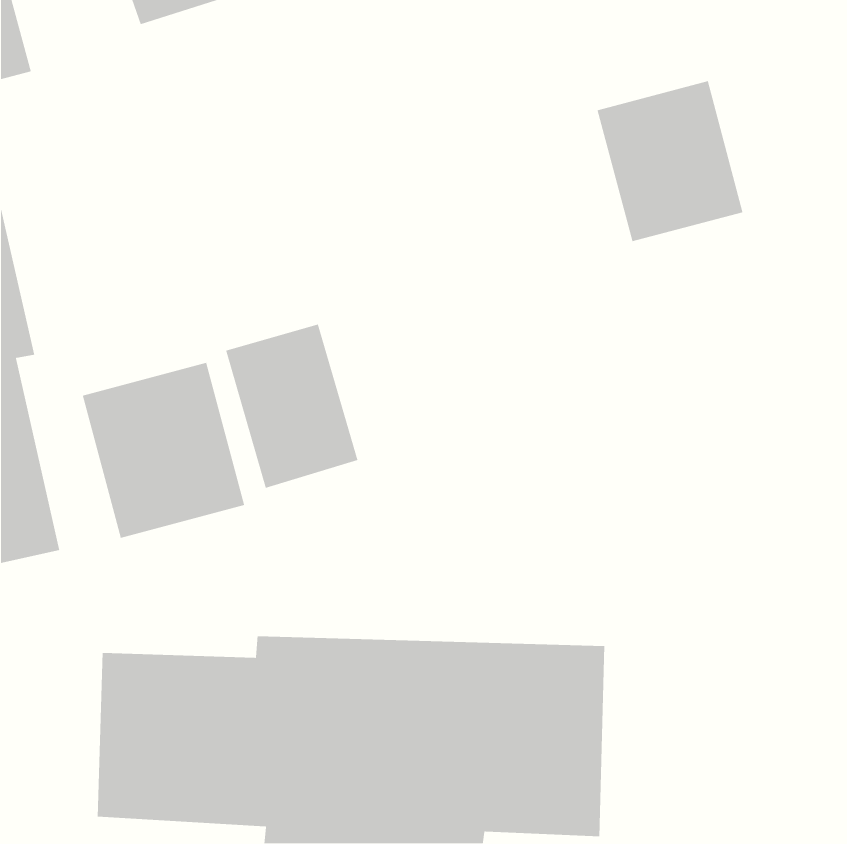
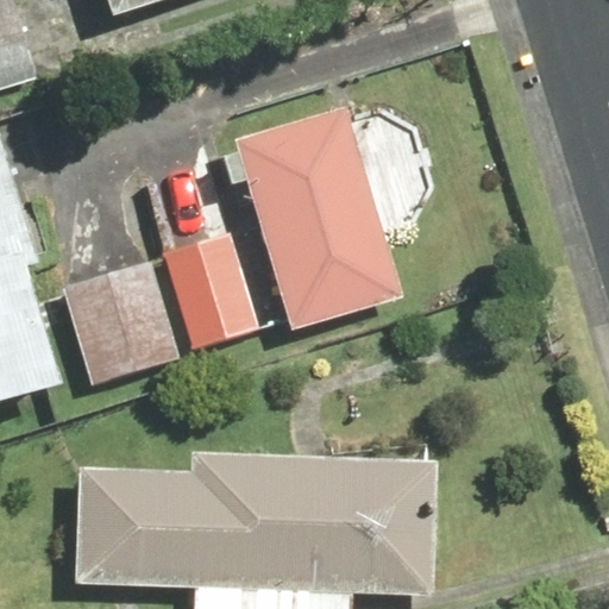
building: [597,80,743,242] -> none
building: none -> [238,108,428,328]

